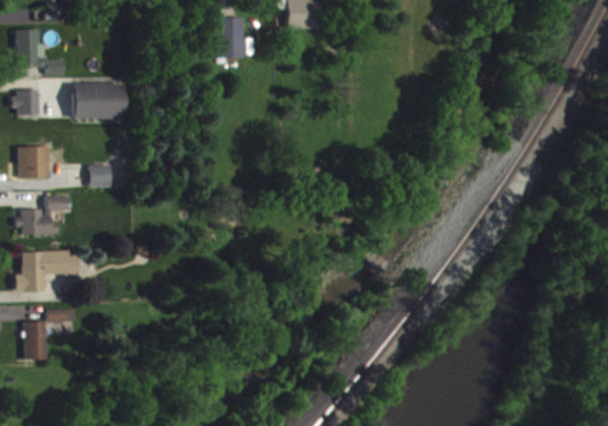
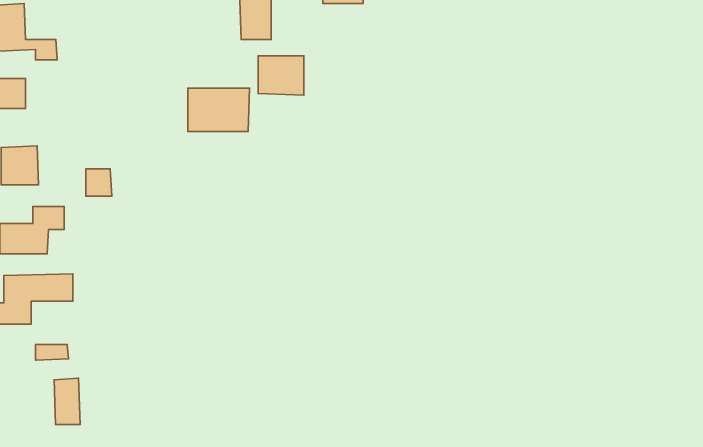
building: none -> [258,56,304,95]
building: [72,83,124,119] -> [188,88,249,131]
building: [24,322,45,360] -> [54,378,80,424]

